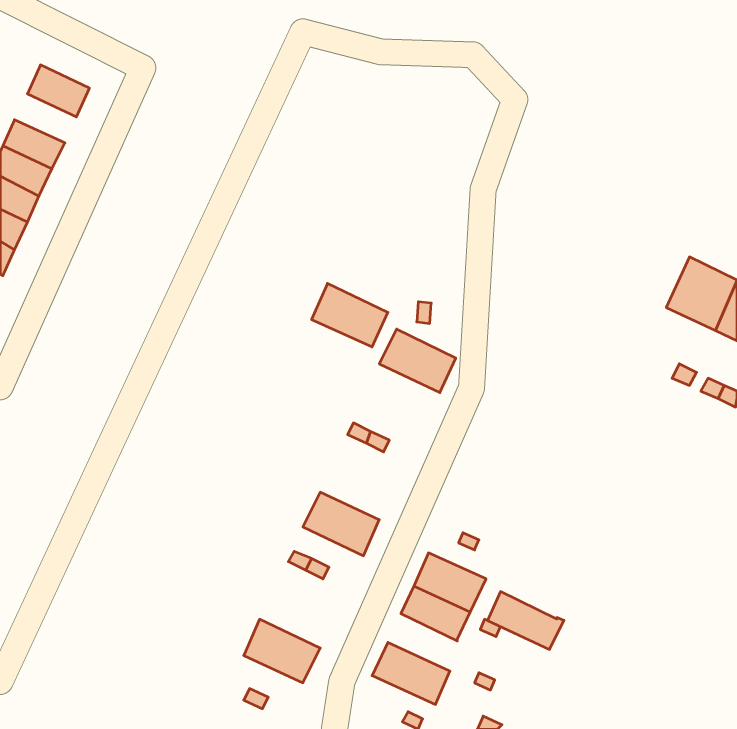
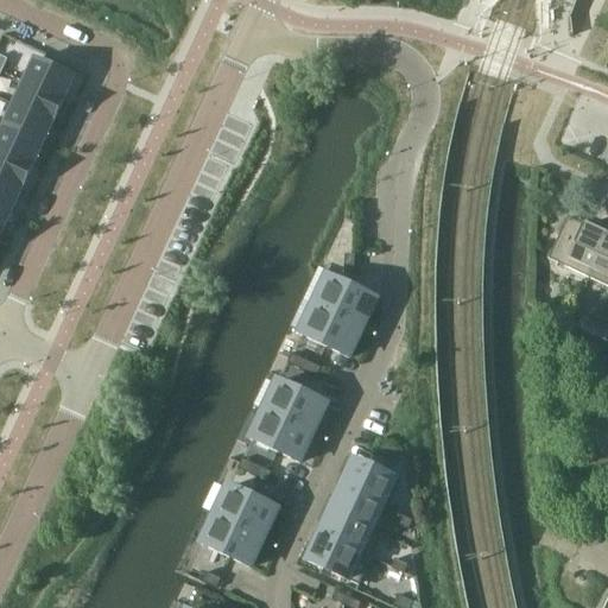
building: none -> [12,77,63,118]
building: [312,283,388,347] -> [299,299,362,352]
building: none -> [264,376,327,428]
building: none -> [214,481,277,533]
building: [488,592,564,649] -> [319,505,382,552]

